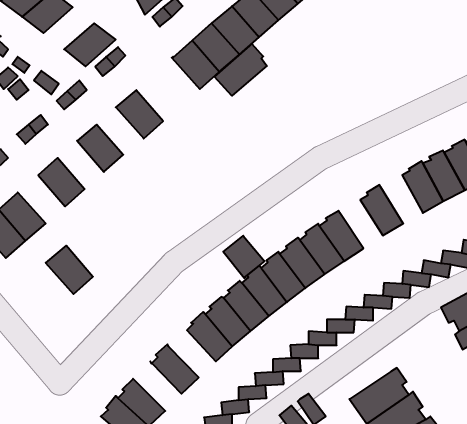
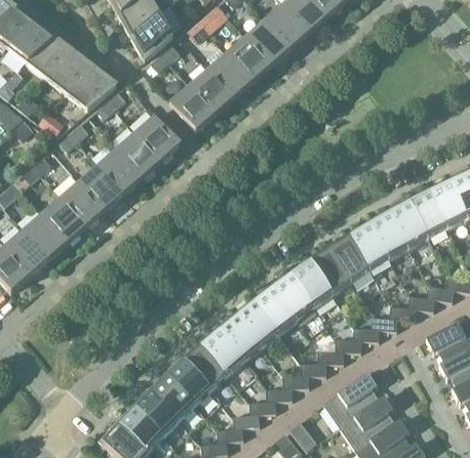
building: none -> [47,52,95,92]
building: [215,44,267,96] -> none
building: none -> [135,114,180,161]
building: none -> [97,148,143,193]
building: none -> [61,179,105,225]
building: none -> [368,210,408,258]
building: none -> [329,234,370,282]
building: [223,236,265,278] -> none
building: [46,246,93,294] -> [23,212,68,258]
building: none -> [166,358,211,405]
building: none -> [323,372,379,425]
building: none -> [134,389,179,436]

